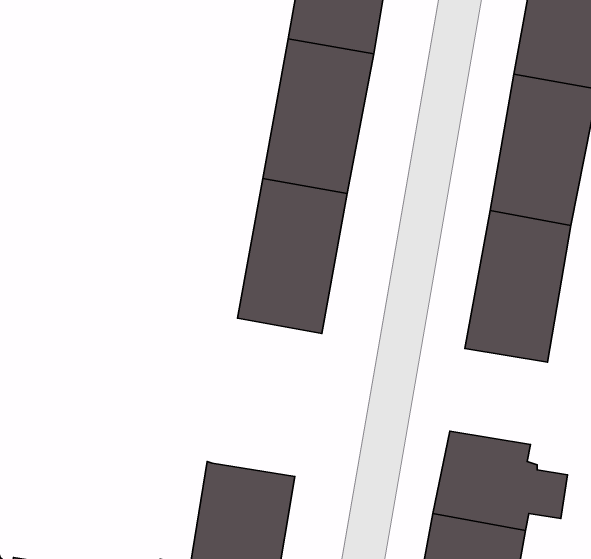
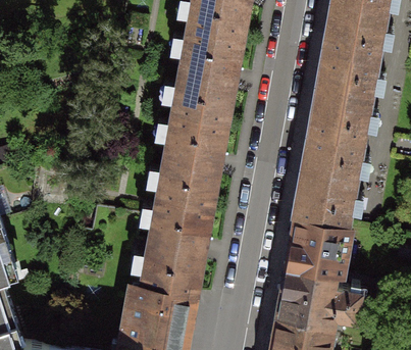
building: none -> [143,203,209,299]
building: none -> [287,221,351,281]

